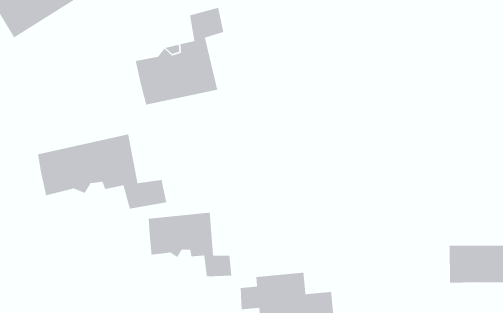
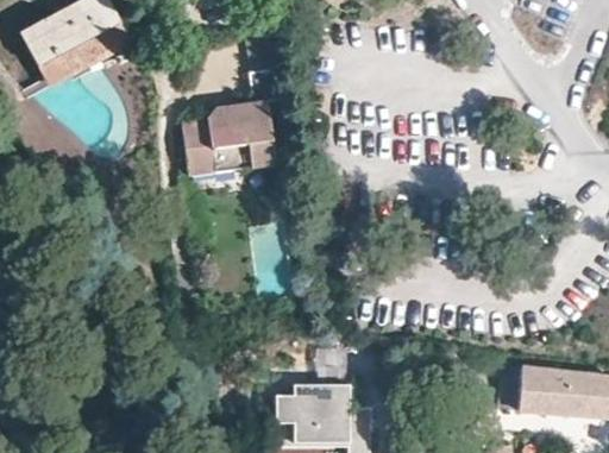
building: [37,134,167,210] -> none
building: [148,212,232,277] -> none

